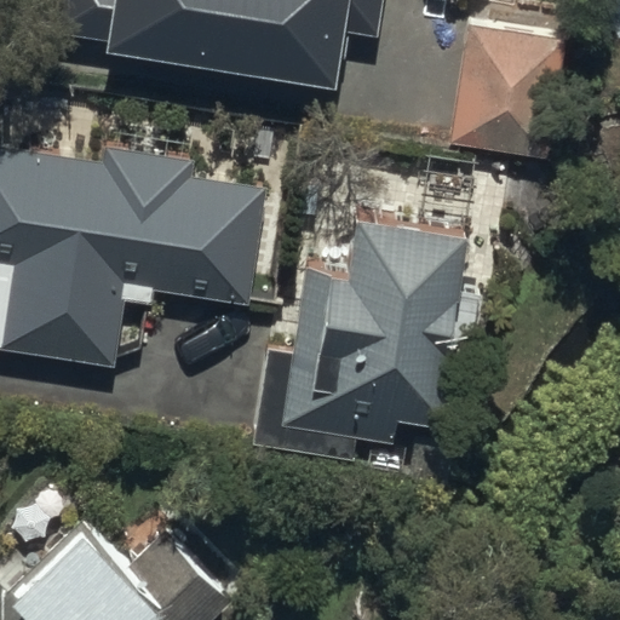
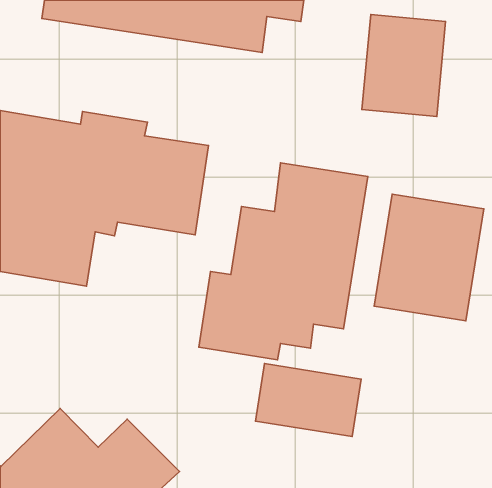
building: none -> [374,194,484,321]
building: none -> [255,364,361,436]

